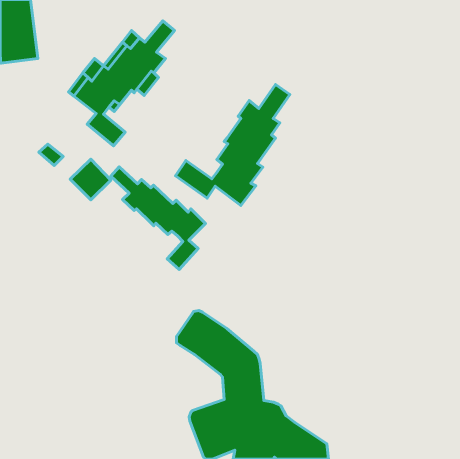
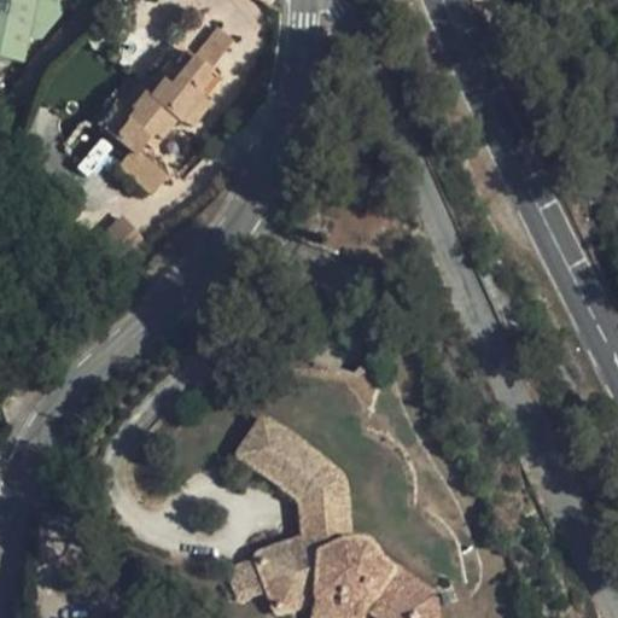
building: [176,85,290,206] -> none
building: [111,167,206,269] -> none

